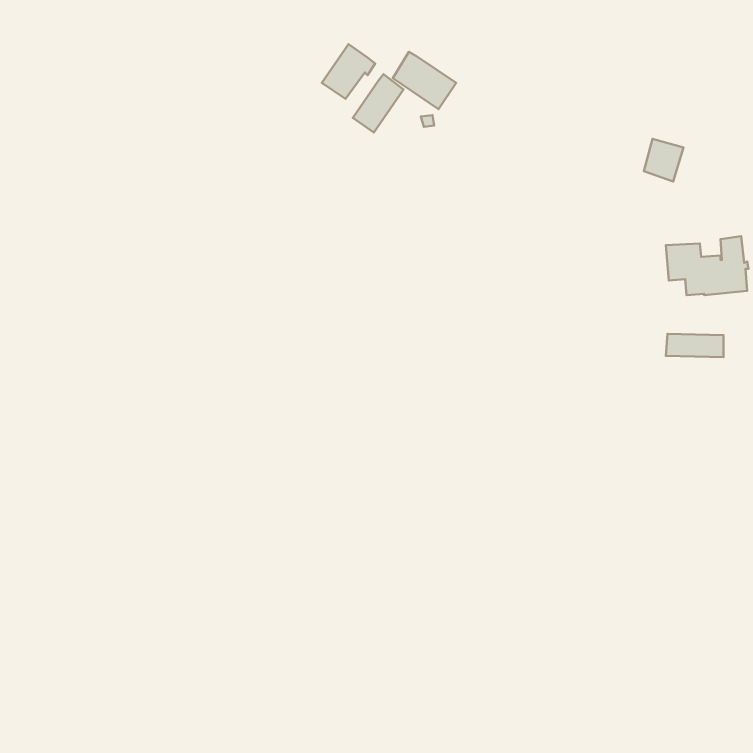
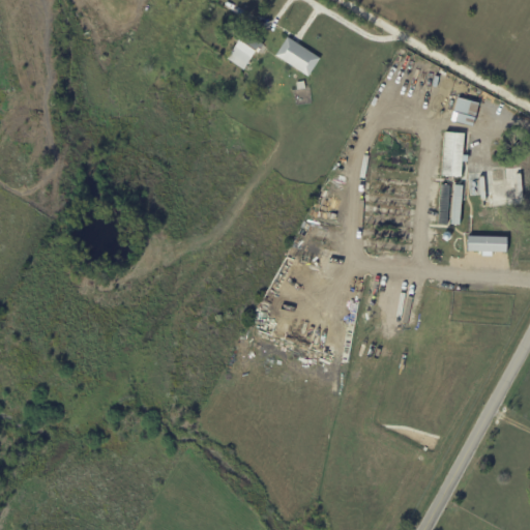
building: [353,74,403,132] -> none
building: none -> [441,130,464,175]
building: none -> [439,184,462,224]

